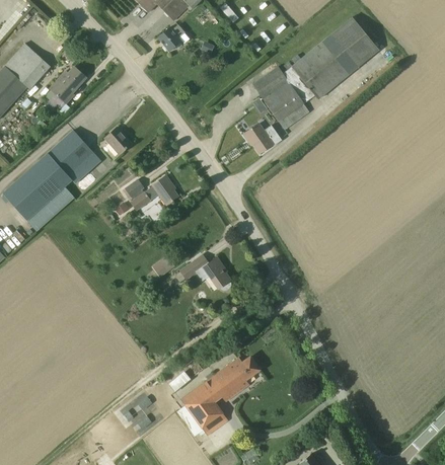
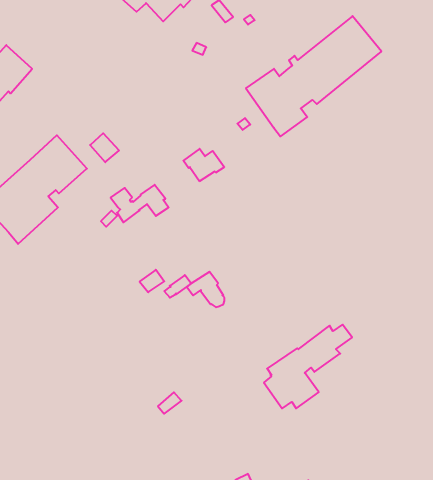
building: [157,24,184,51] -> none
building: [50,66,86,103] -> none
building: [243,123,282,153] -> [183,149,224,181]
building: [176,357,259,436] -> [264,325,352,408]

